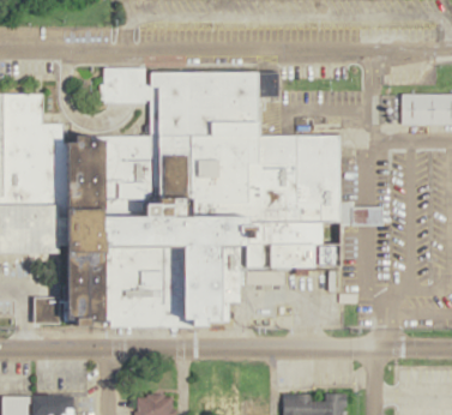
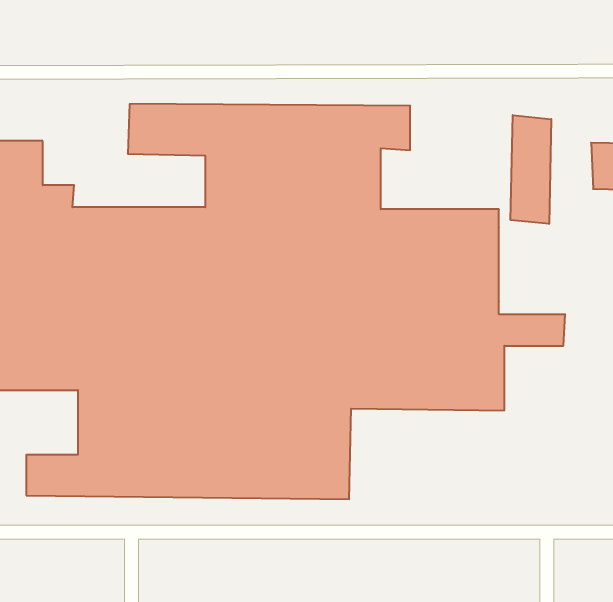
building: none -> [511,115,551,224]

